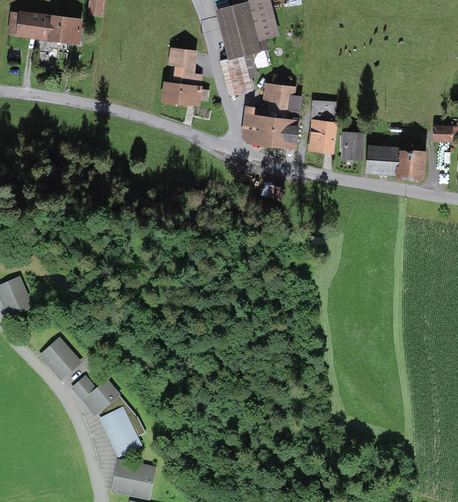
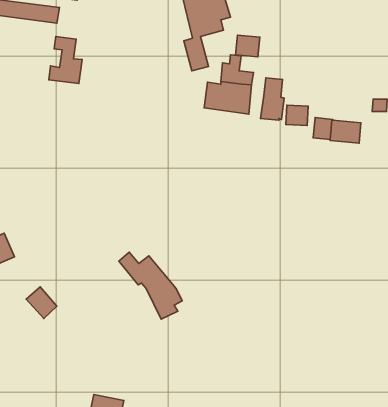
building: [163,50,201,103] -> [49,37,82,83]
building: none -> [236,35,260,57]
building: [72,377,144,453] -> [119,252,182,319]

